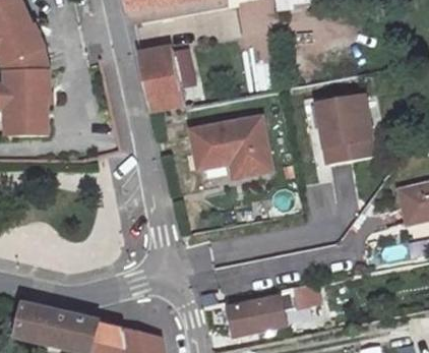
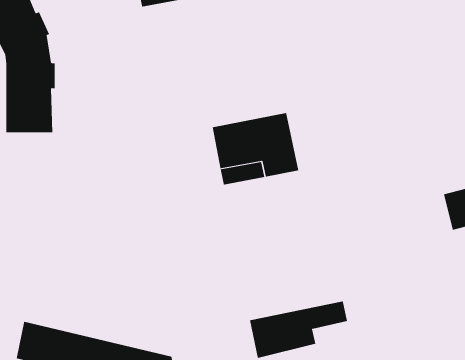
building: [135,47,183,110] -> none
building: [315,95,373,164] -> none

